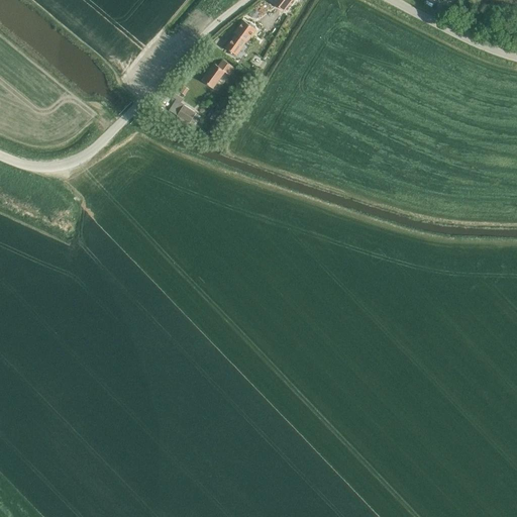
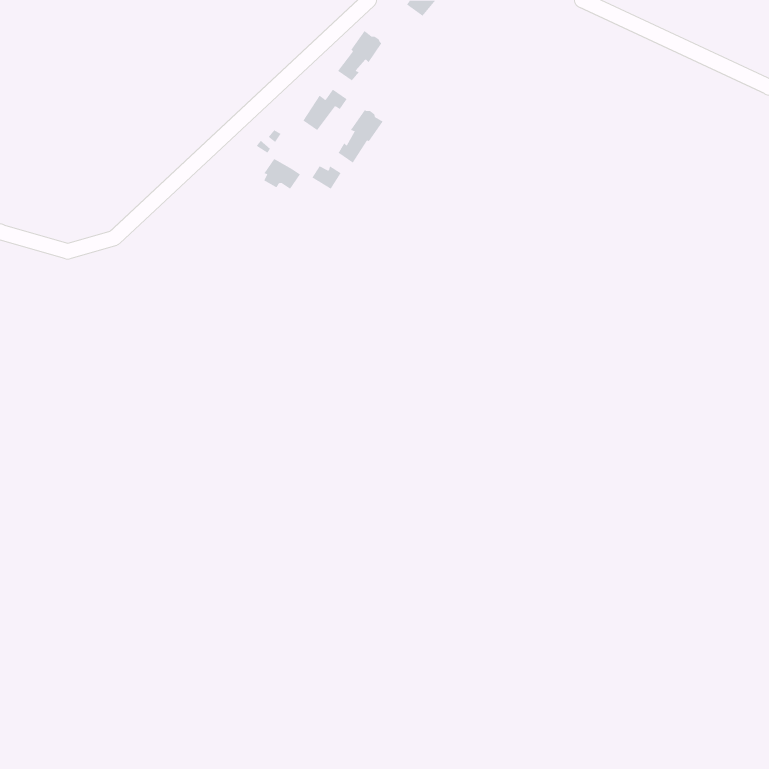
building: none -> [338,109,384,164]

